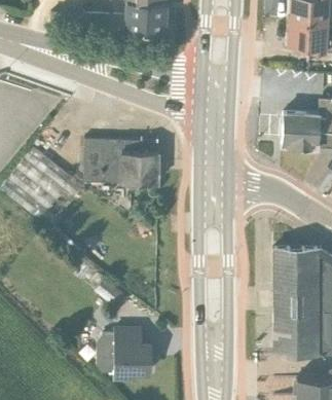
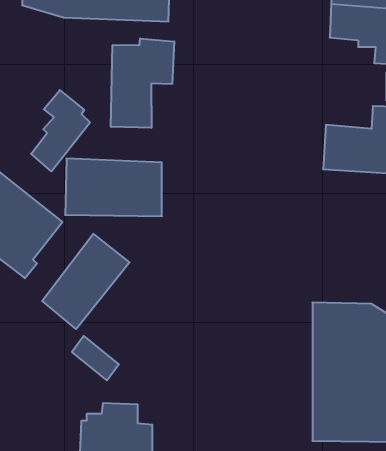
building: none -> [111,38,174,128]
building: none -> [31,90,90,171]
building: none -> [42,234,130,329]

